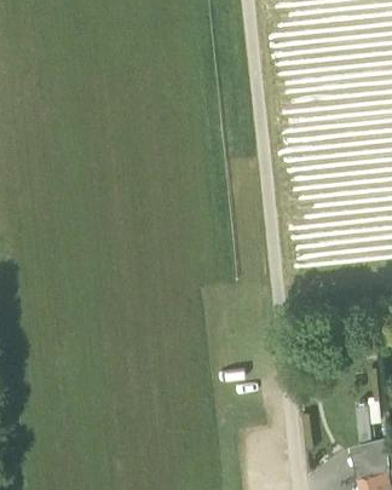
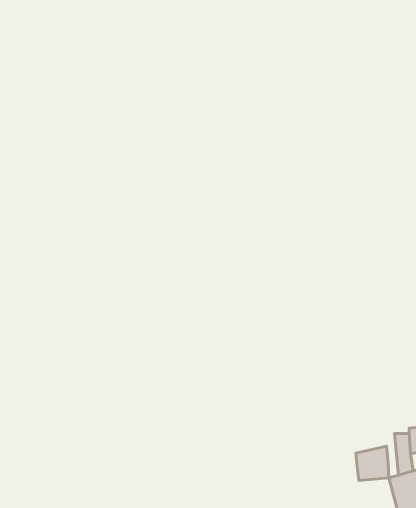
building: none -> [356,446,389,480]

